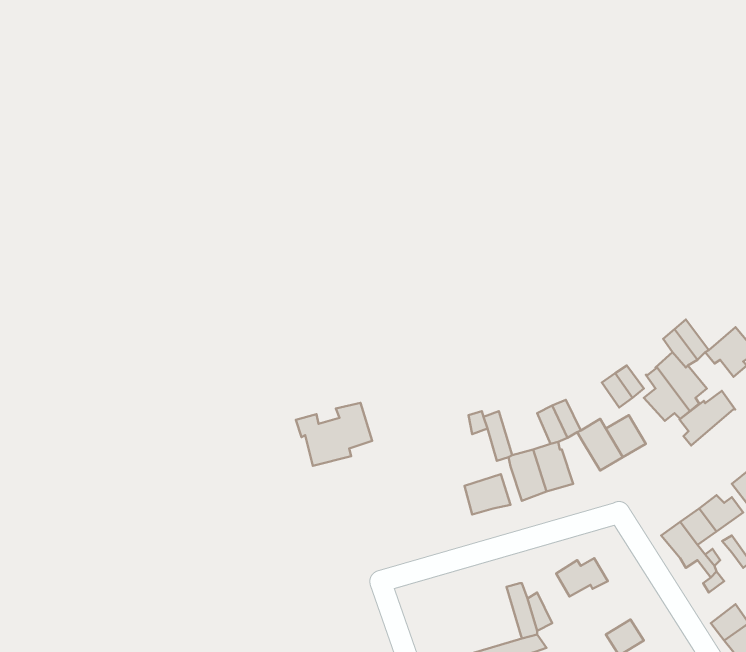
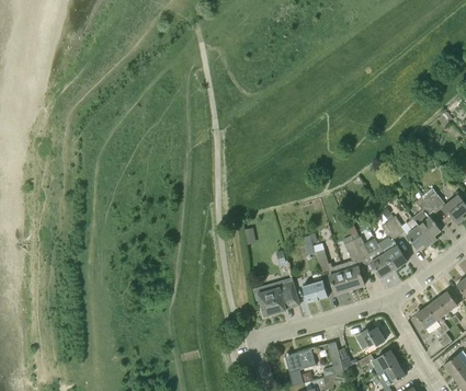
building: [680,391,735,446] -> none
building: [296,403,372,466] -> [254,279,298,315]
building: none -> [285,348,316,372]
building: none -> [359,349,398,375]

